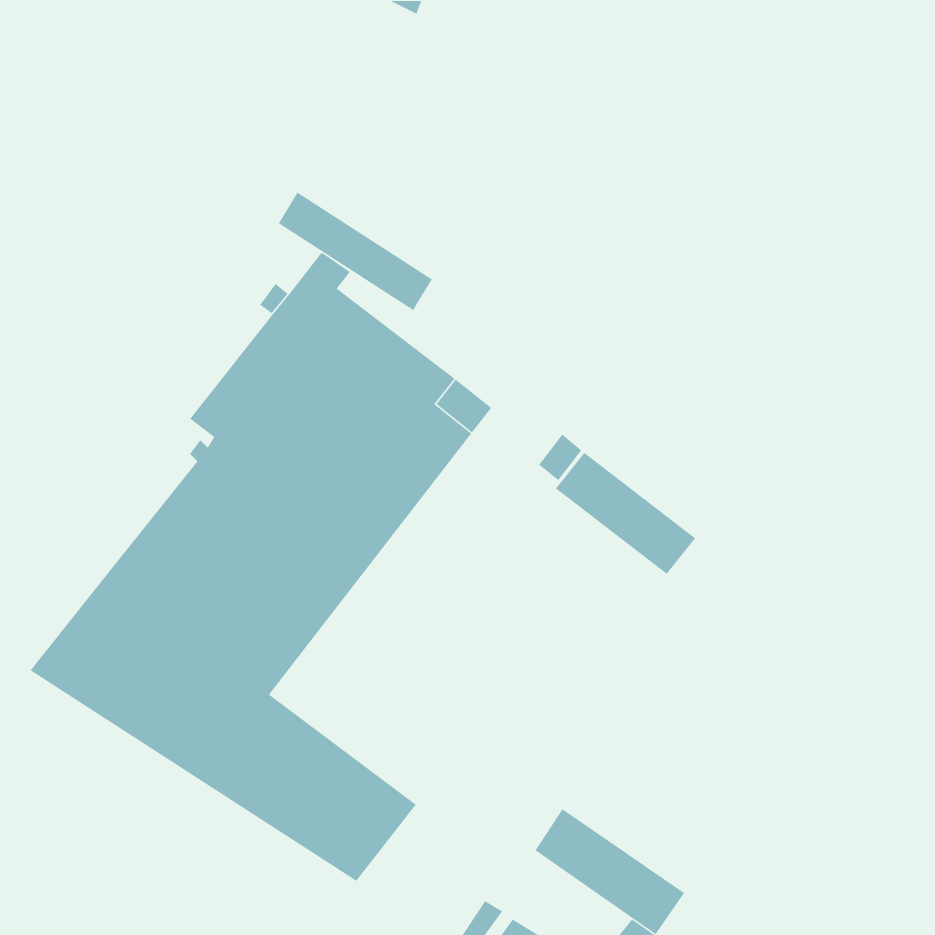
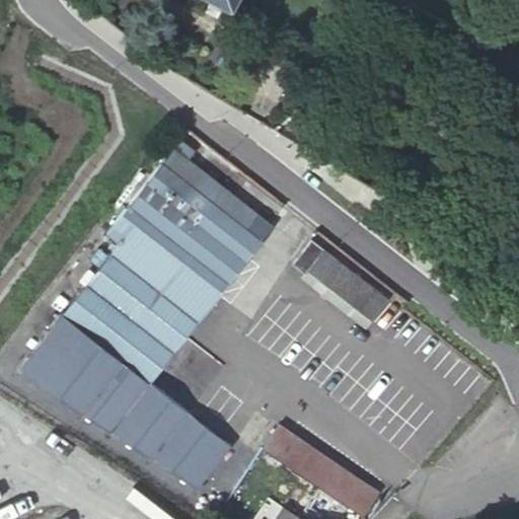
building: [278,192,433,311] -> none
building: none -> [264,426,312,471]

